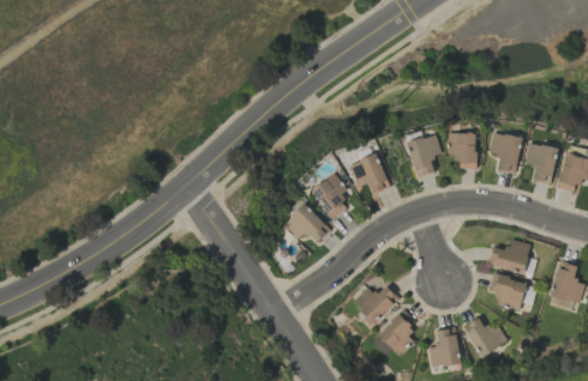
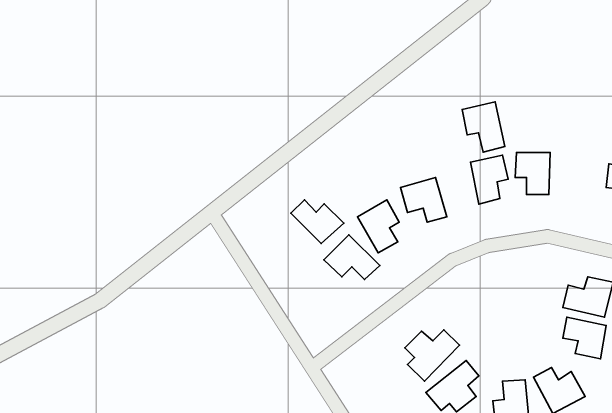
building: none -> [462,102,505,152]
building: [488,132,523,174] -> none
building: none -> [291,200,344,243]

